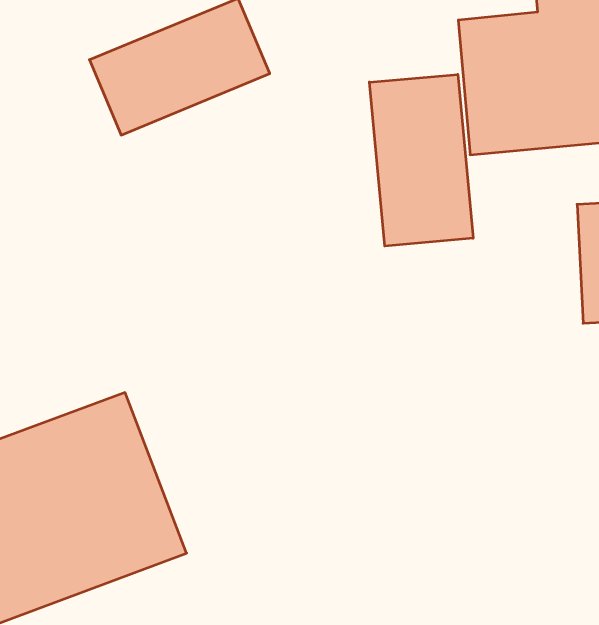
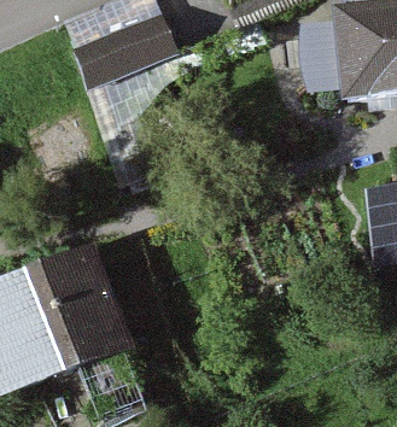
building: [369,74,473,246] -> none

